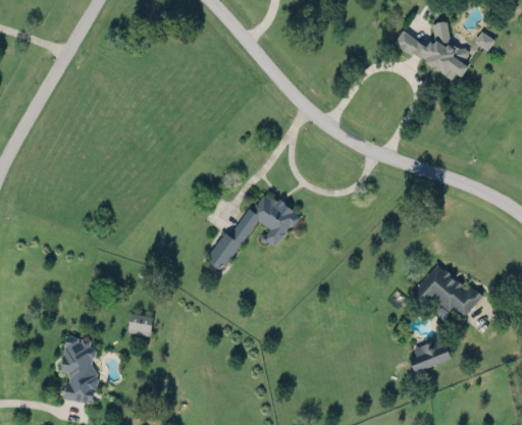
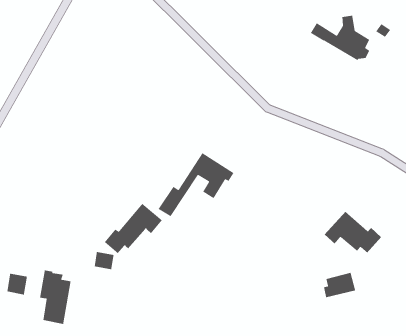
building: none -> [104,203,163,254]
building: none -> [6,273,28,295]

